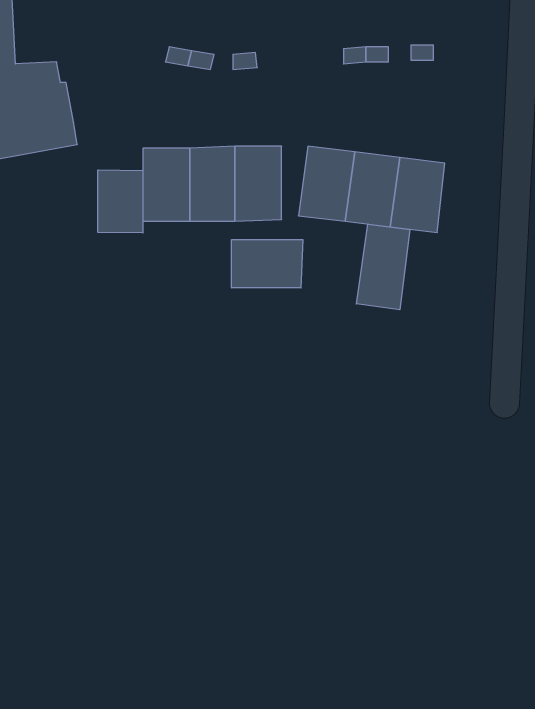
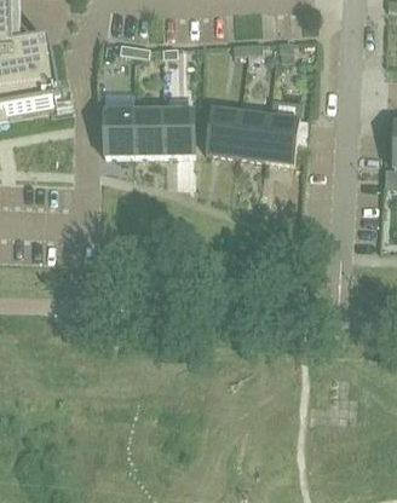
building: [98,170,143,233] -> none
building: [356,224,410,310] -> none
building: [232,240,303,288] -> none

